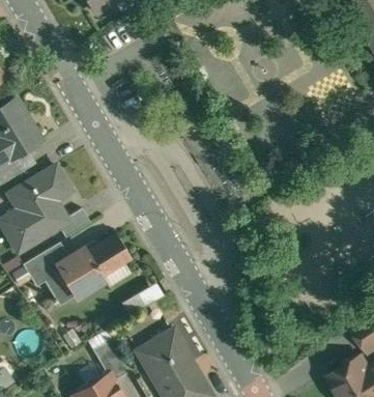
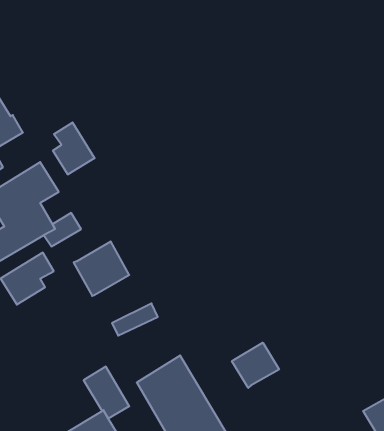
building: none -> [53,122,95,175]
building: [56,248,104,296] -> none
building: none -> [232,343,279,388]

